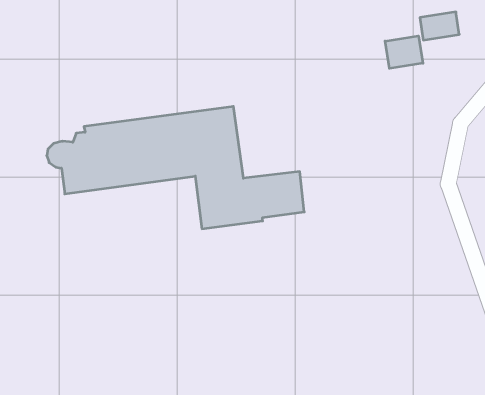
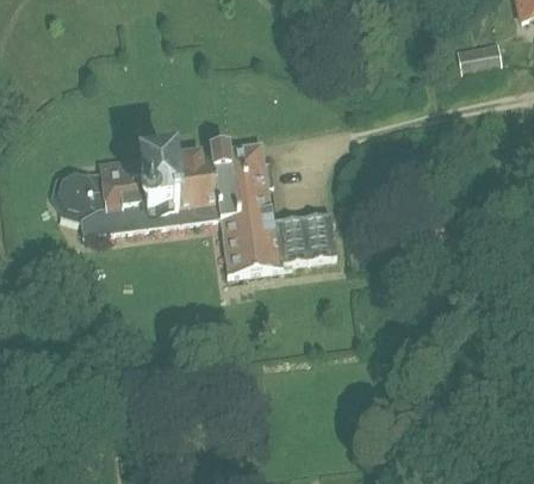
building: [385,36,423,68] -> none

